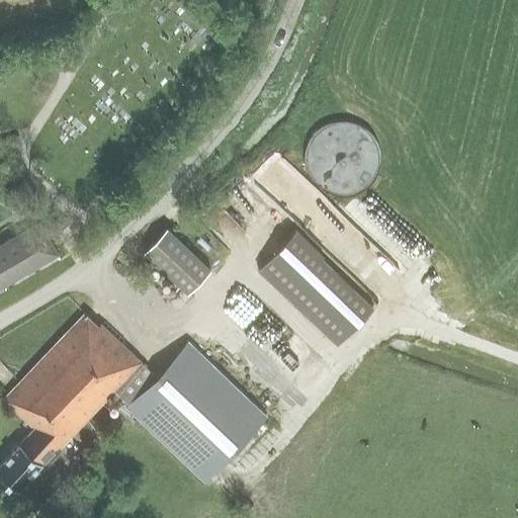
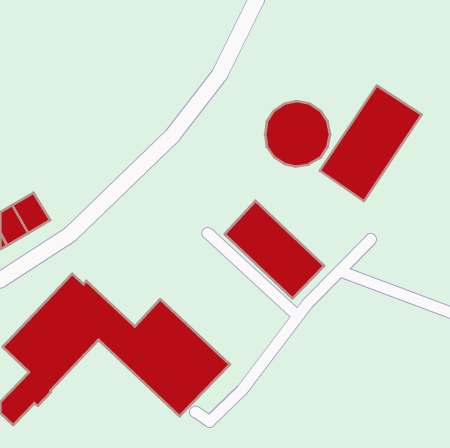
building: none -> [320,86,422,201]
building: [144,230,210,295] -> none

